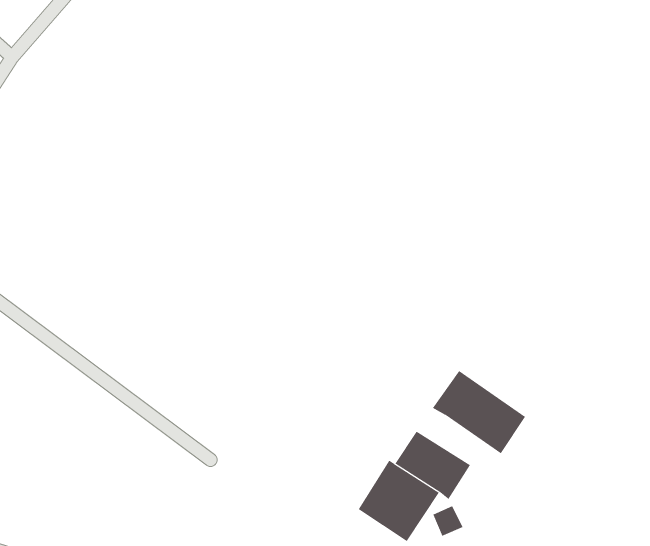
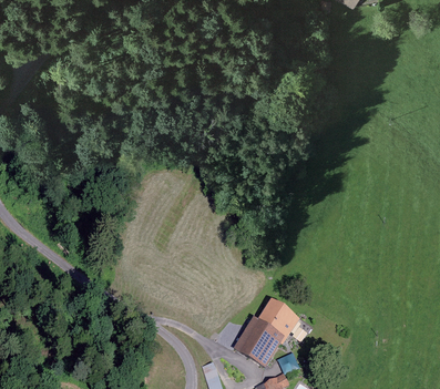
building: [432,370,526,454] -> none

